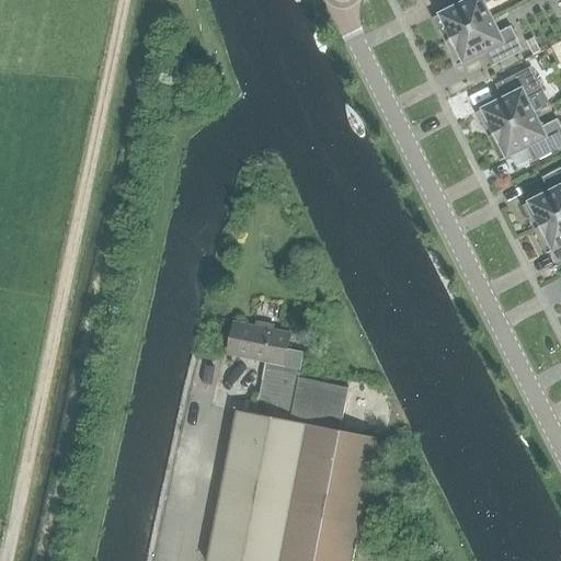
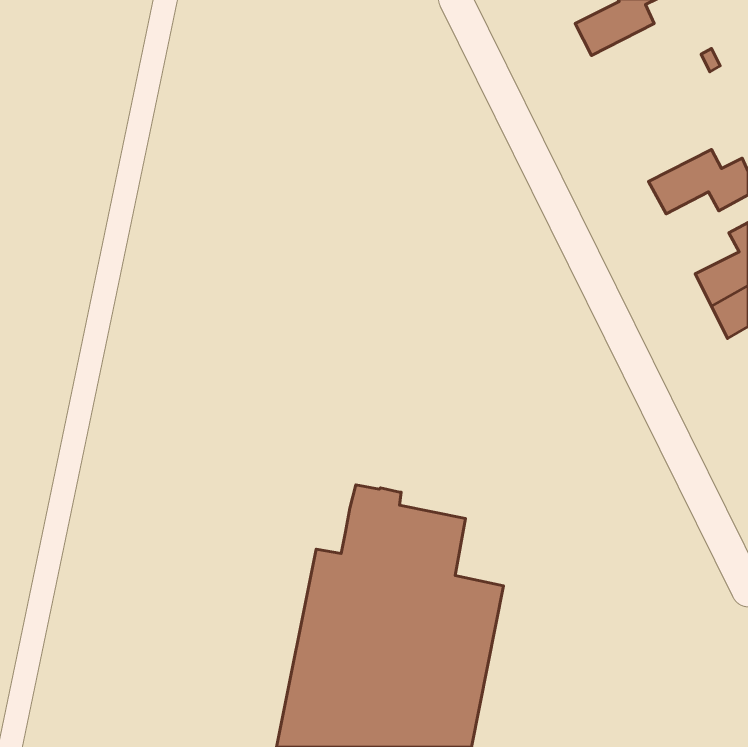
building: [443,18,522,66] -> none
building: [473,66,542,136] -> none
building: [231,322,302,368] -> none

